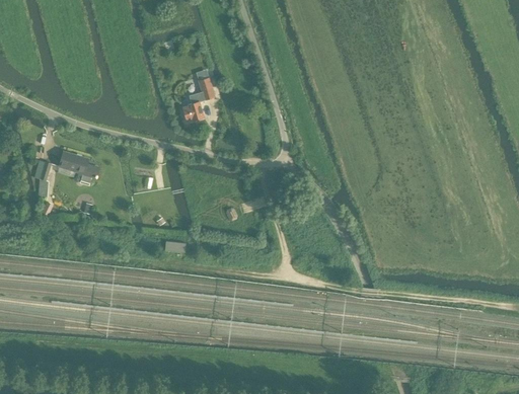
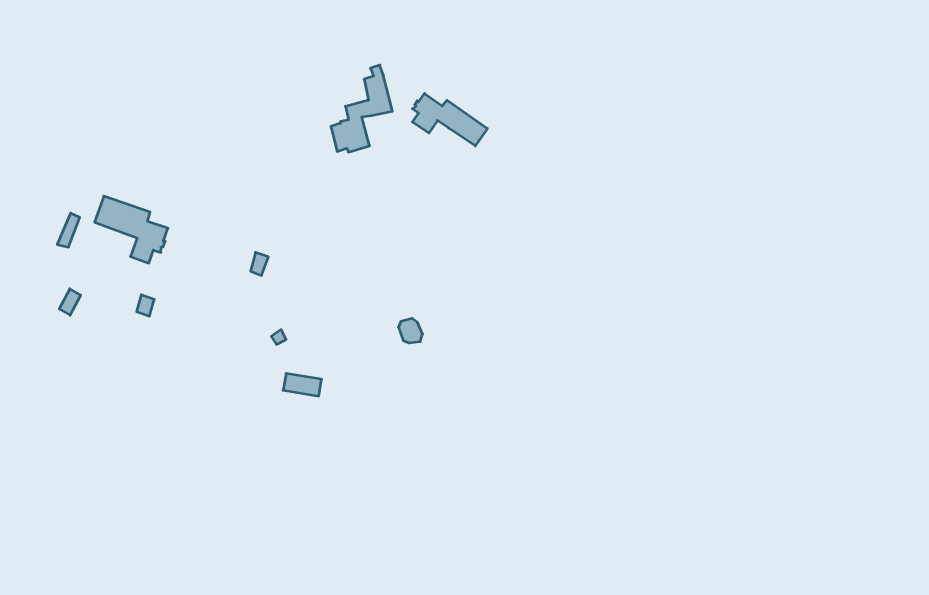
building: none -> [412,93,487,146]

